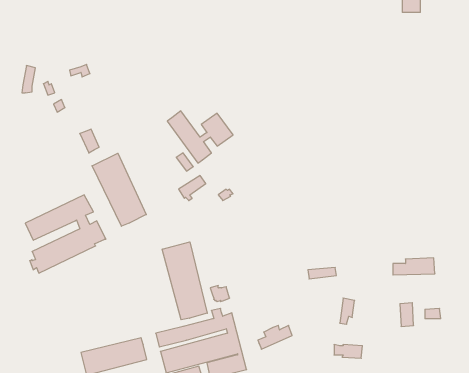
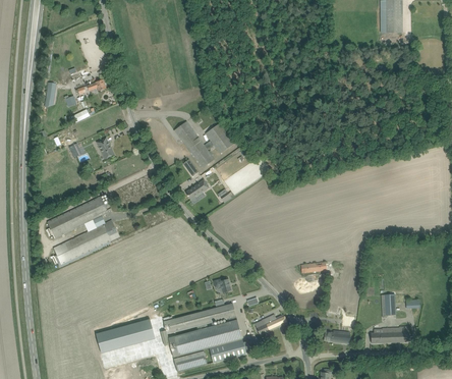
building: [92,153,146,226] -> none
building: [162,242,207,320] -> none
building: [393,258,435,275] -> [371,326,408,341]

